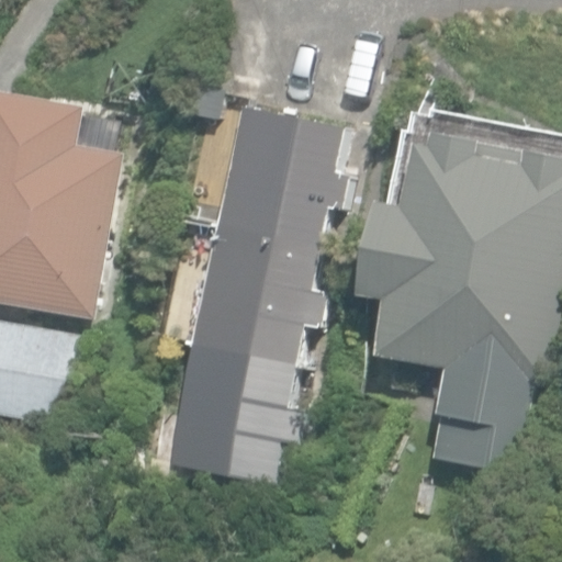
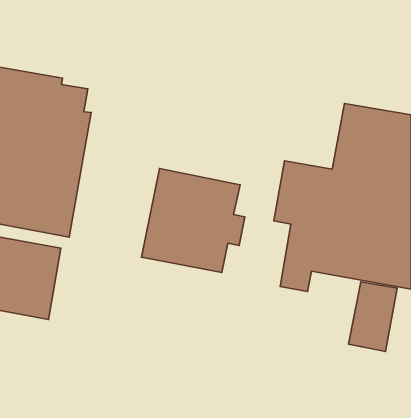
building: [213,103,346,247] -> none
building: [164,344,301,485] -> none

